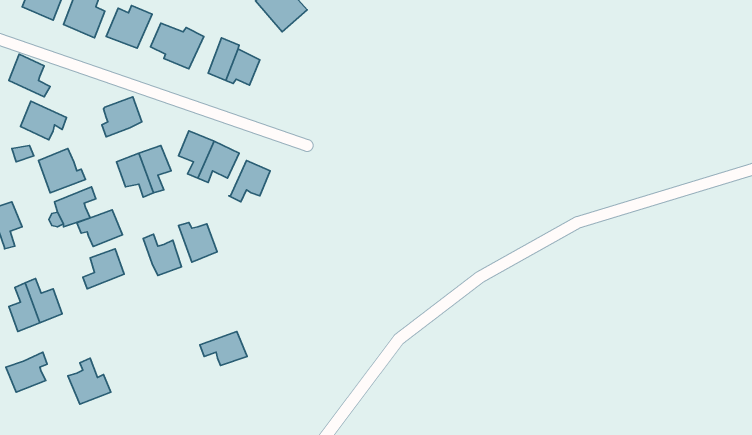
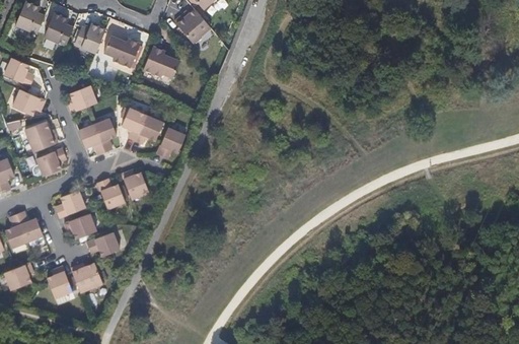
building: [77,210,123,247] -> [65,214,96,239]
building: [200,332,247,365] -> [87,233,120,257]
building: none -> [70,263,102,292]

